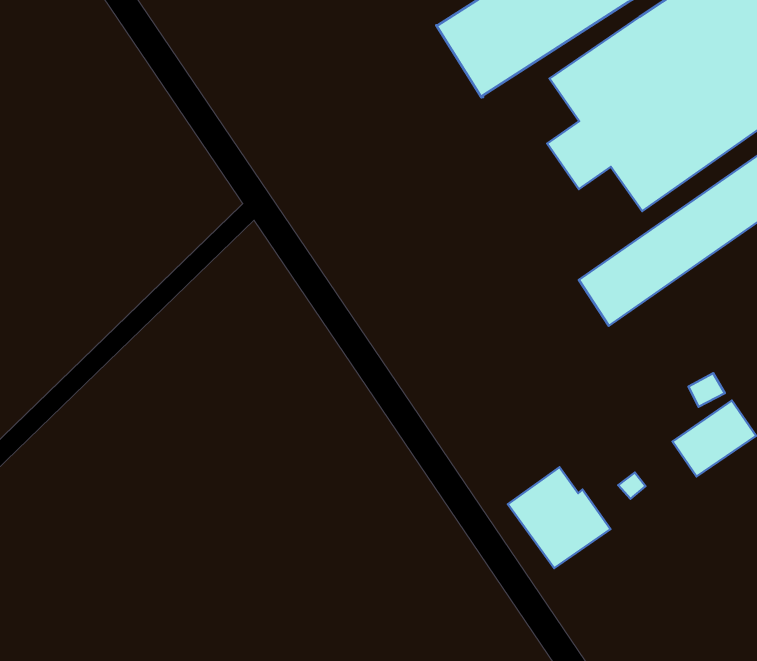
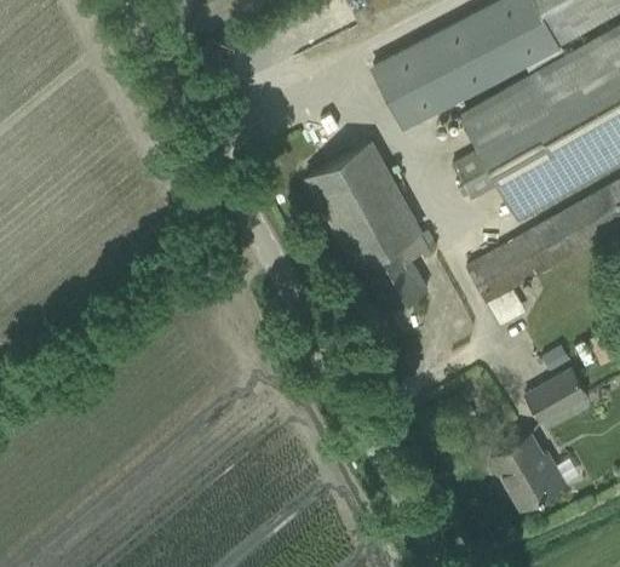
building: none -> [308,143,427,340]
building: [508,467,610,568] -> [490,434,566,509]

